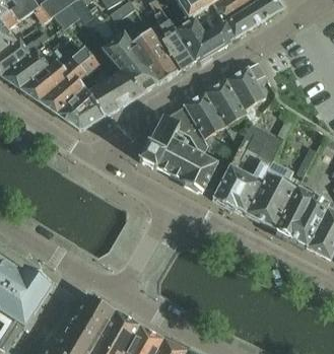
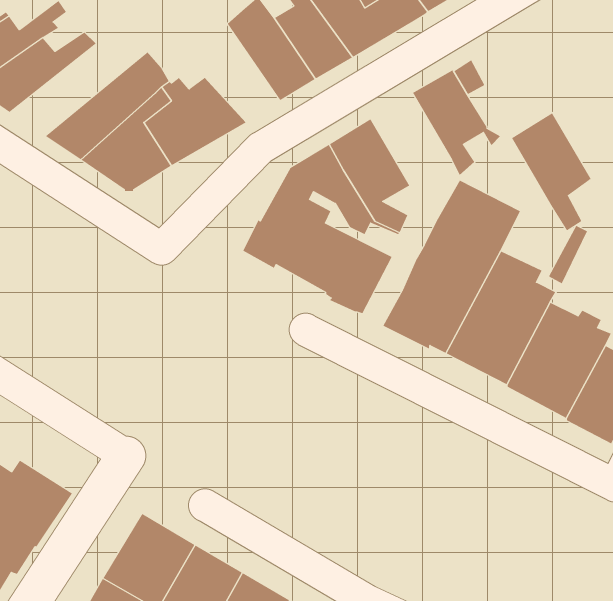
building: [101,36,158,94] -> none
building: [19,45,90,101] -> none
building: [205,79,251,140] -> [511,113,600,231]

